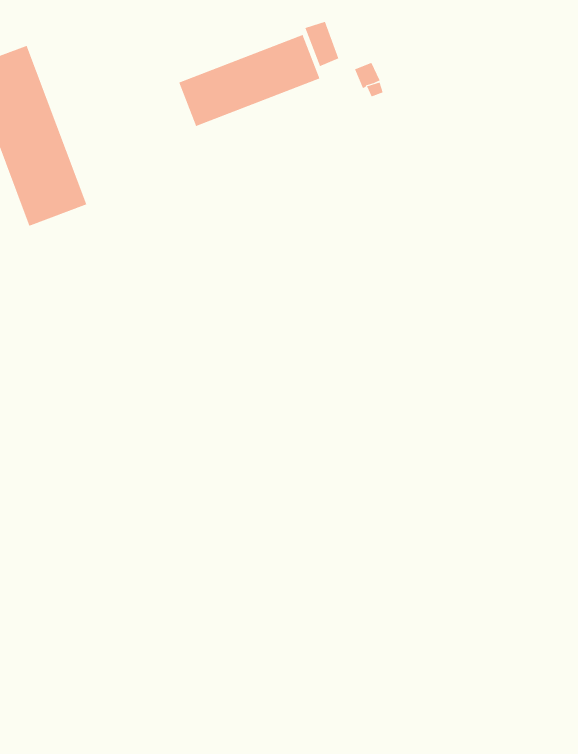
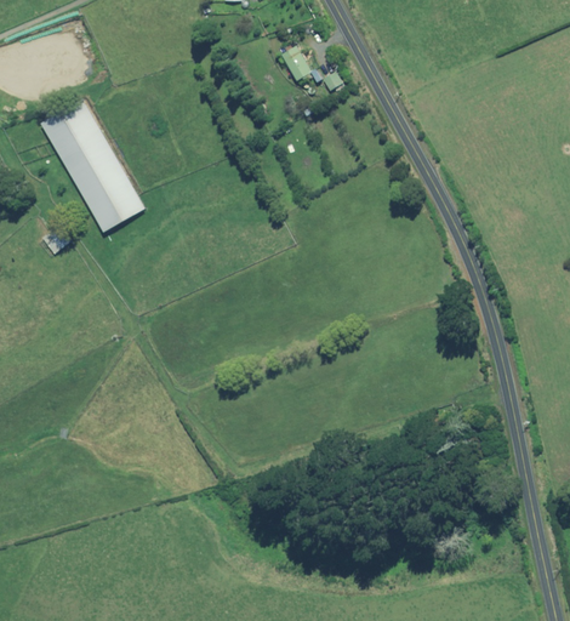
building: [178,34,320,127] -> none

